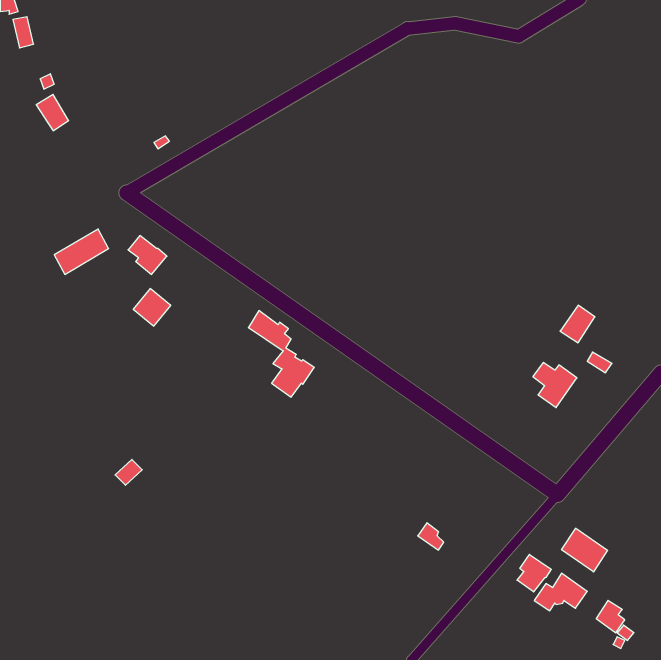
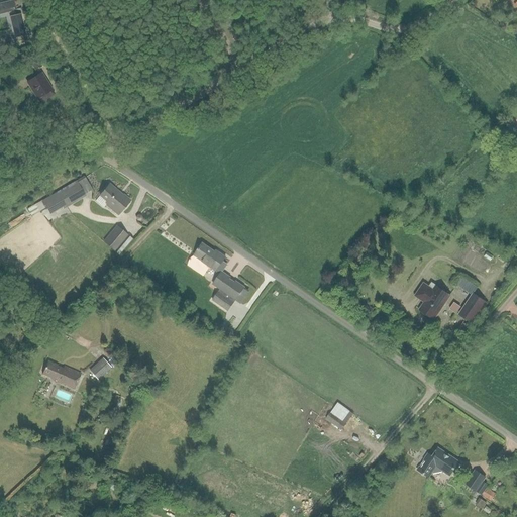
building: [560,305,595,343] -> [459,293,487,322]
building: none -> [42,360,81,389]
building: [562,528,608,572] -> none
building: [517,554,551,592] -> none

